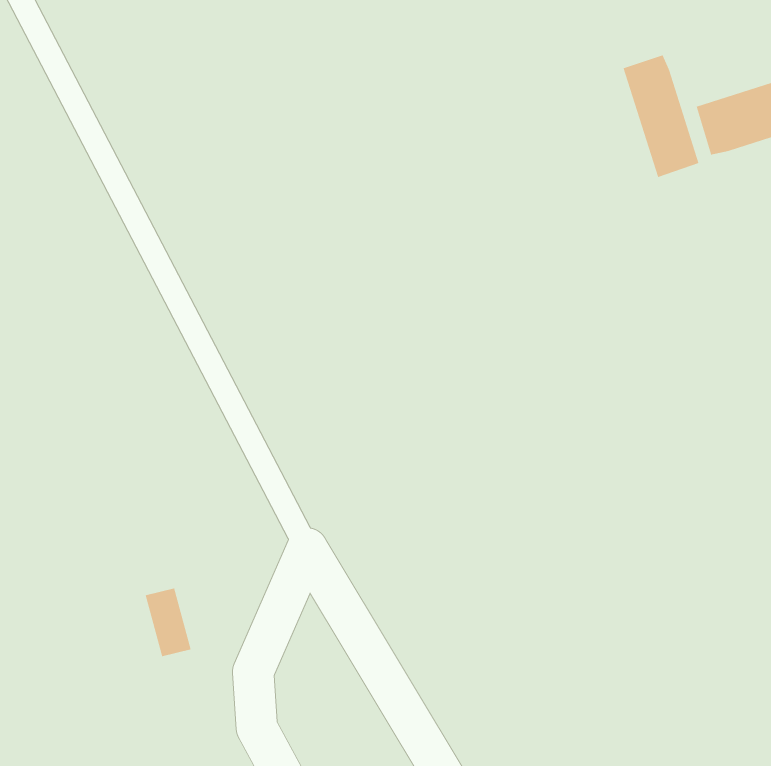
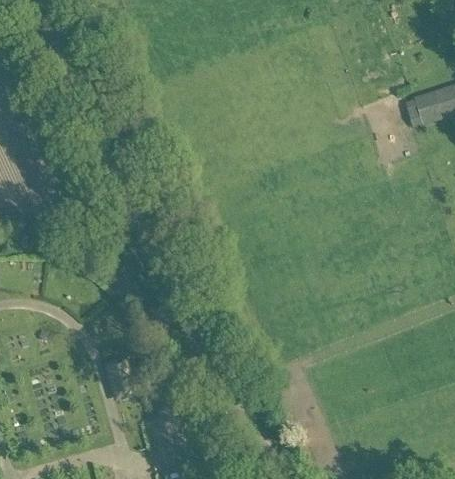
building: [623,54,699,178] -> none

